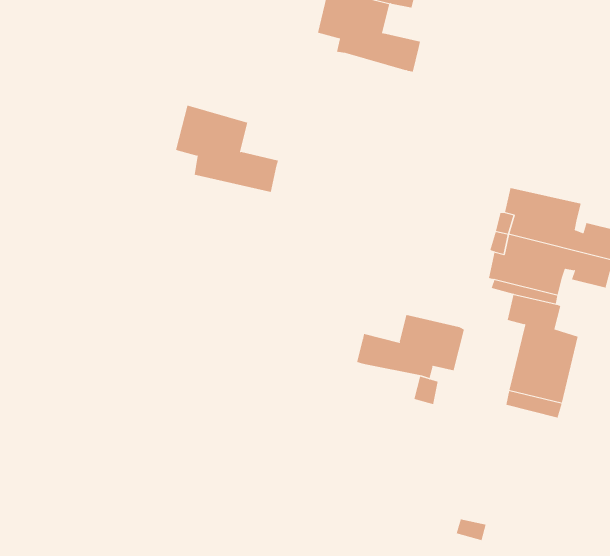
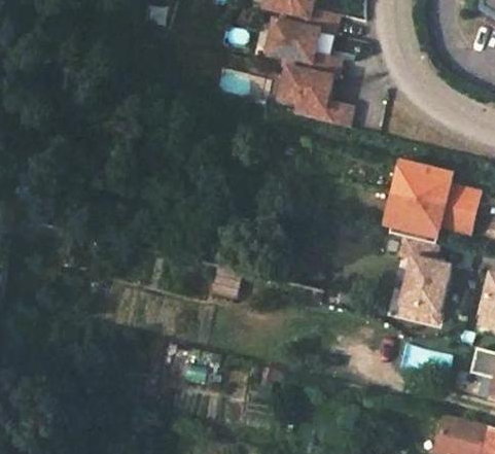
building: [175,105,279,192] -> [277,65,350,127]
building: [357,314,464,379] -> none

